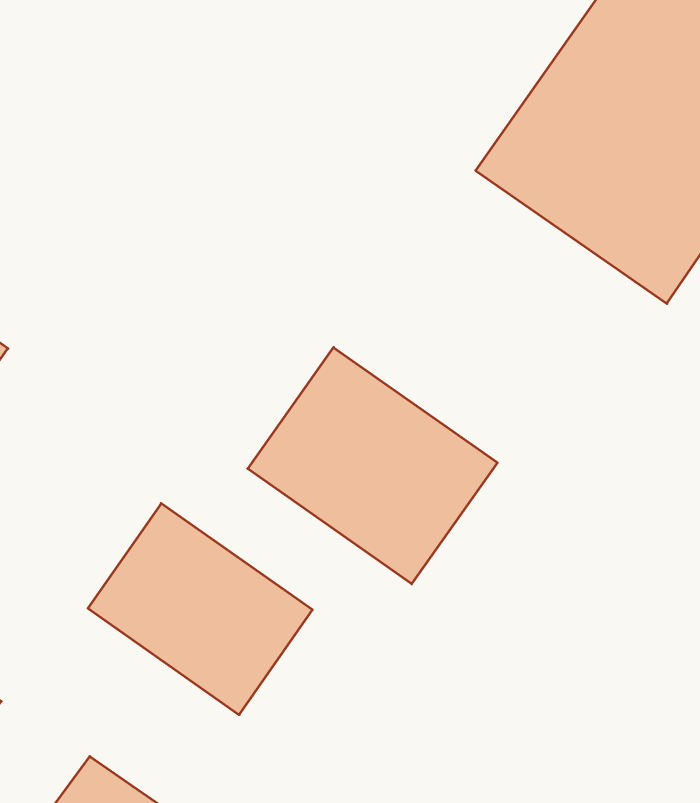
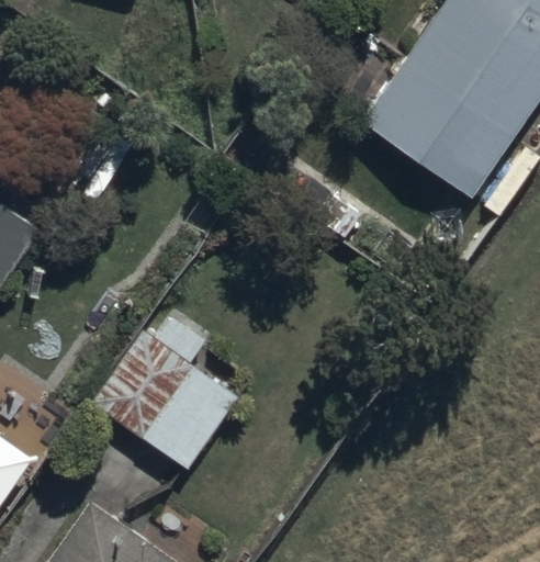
building: [248,347,497,584] -> none

